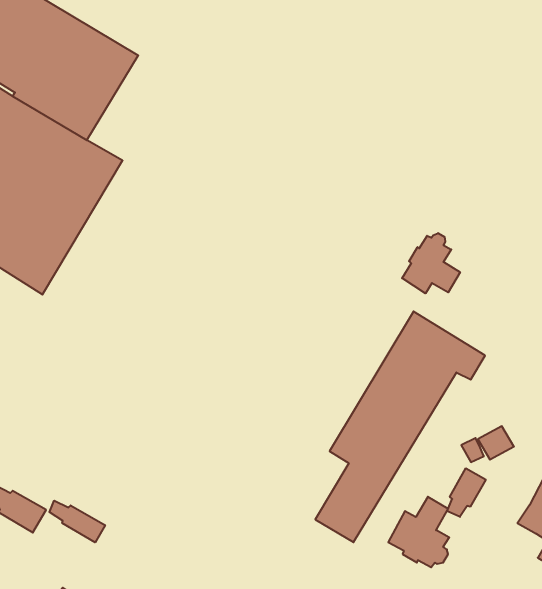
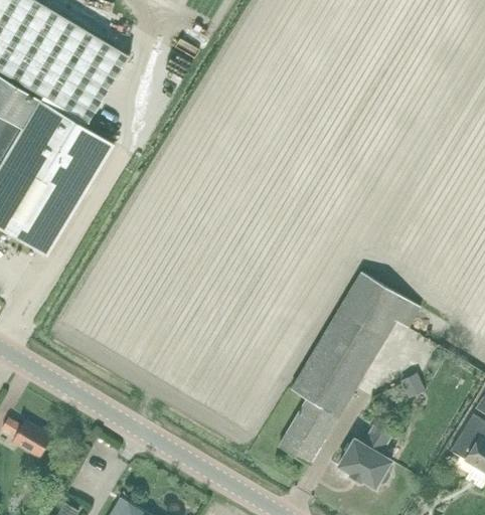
building: [402,233,460,293] -> none
building: [447,468,486,517] -> none
building: [49,501,105,542] -> none

